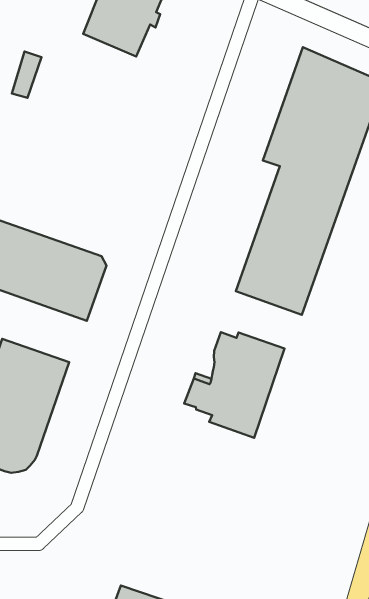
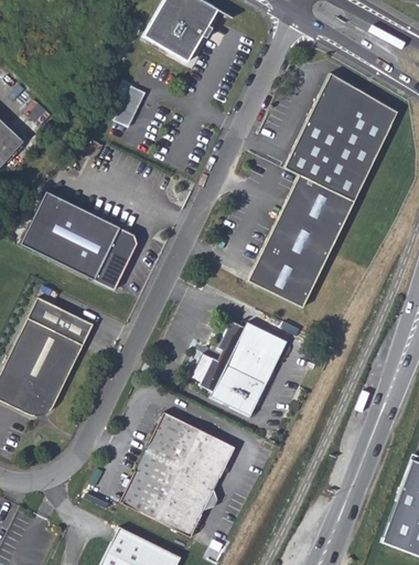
building: [12,52,42,98] -> [115,87,144,128]
building: none -> [119,408,233,533]

